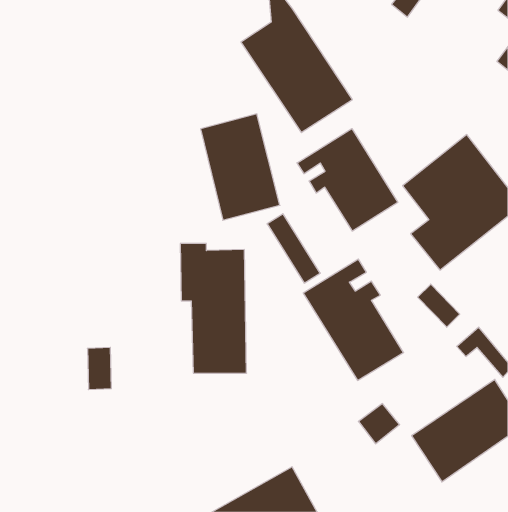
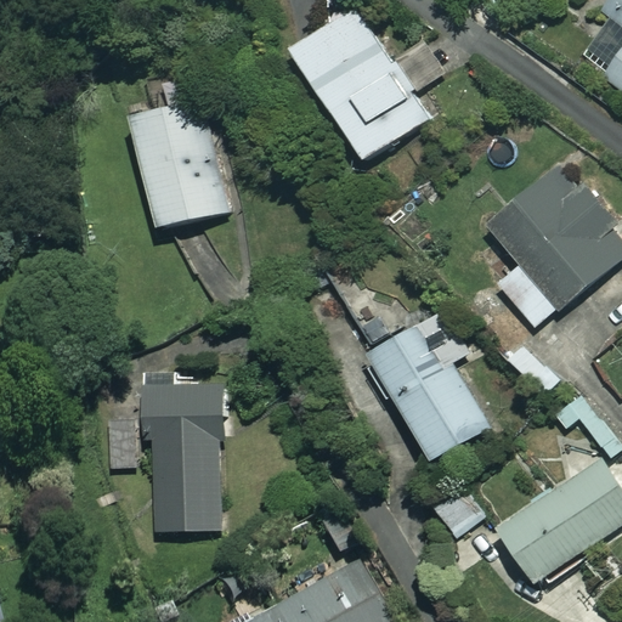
building: [201,114,280,220] -> [132,101,228,230]
building: [297,129,398,231] -> none
building: [180,244,247,373] -> [141,373,221,530]

